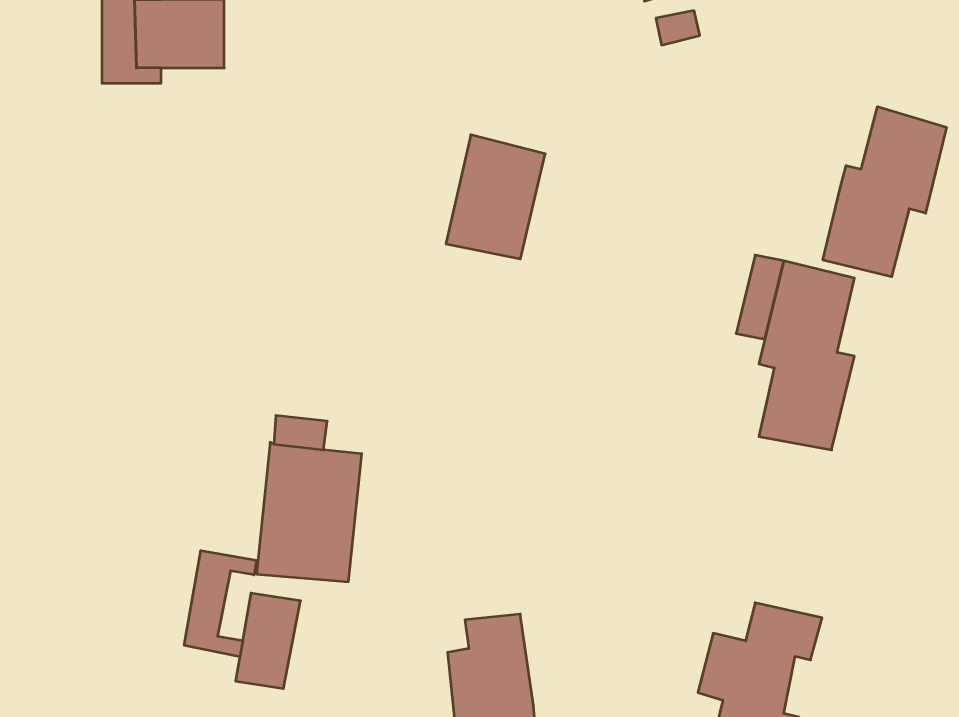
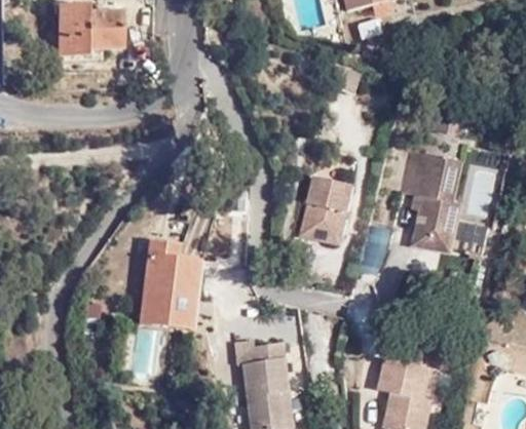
building: [823,107,946,277] -> none
building: [446,135,545,259] -> [299,173,352,240]
building: [184,551,257,657] -> none

